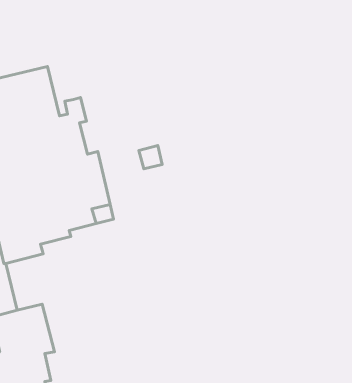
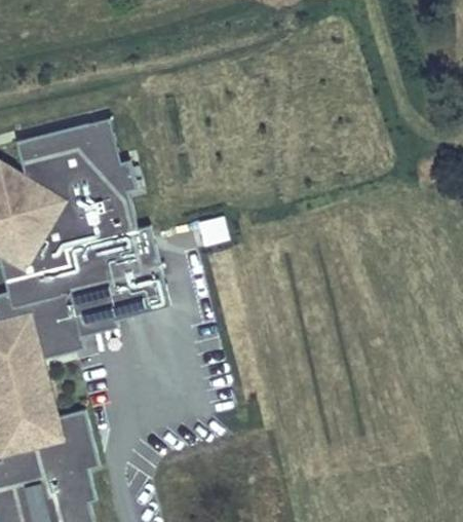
building: none -> [87,118,118,182]

